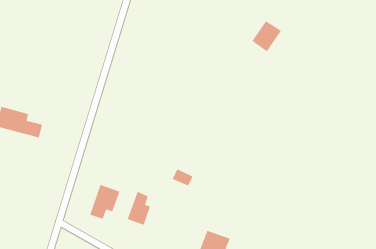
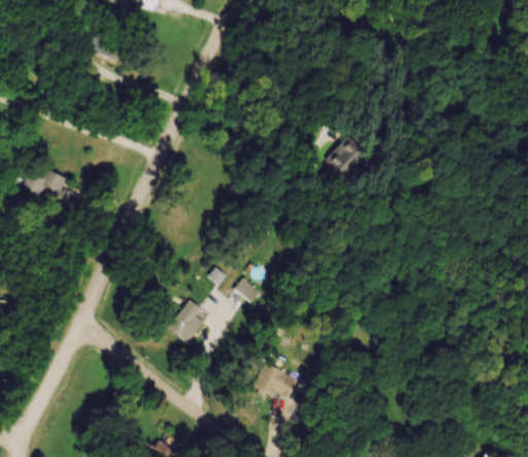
building: [251,20,282,52] -> [326,137,366,177]
building: [89,184,120,219] -> none

